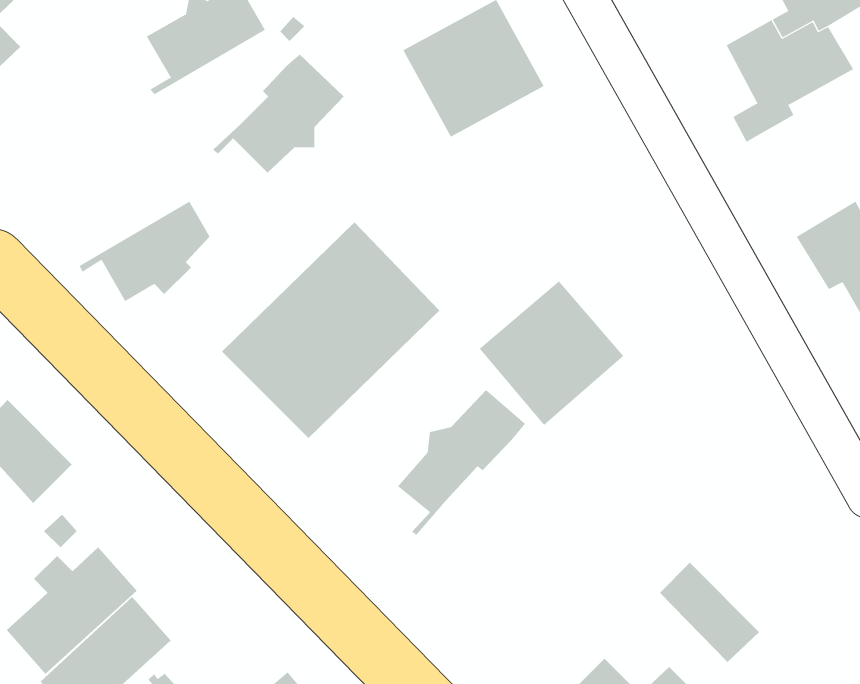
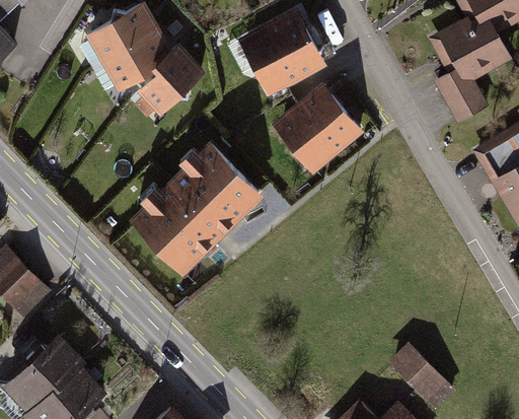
building: none -> [443,81,486,122]
building: [79,201,210,302] -> [92,30,170,90]
building: [479,280,624,426] -> [275,86,361,172]
building: [397,389,526,536] -> none

